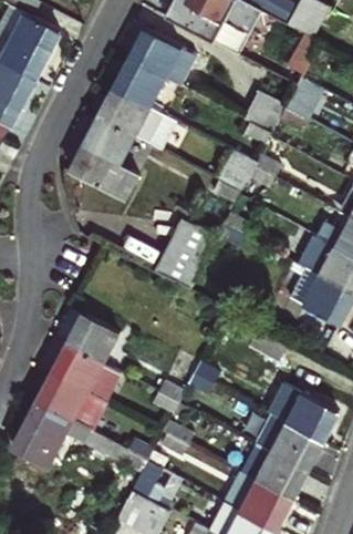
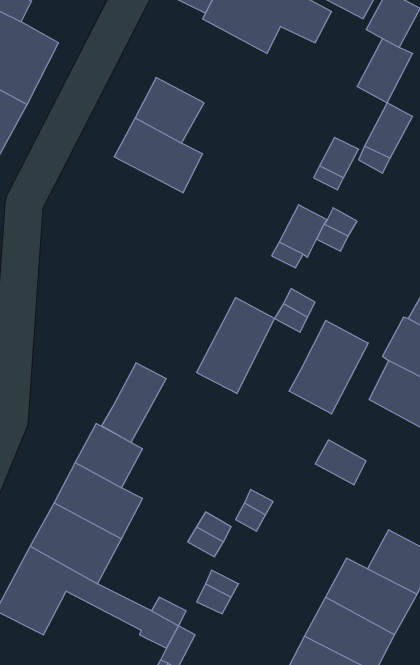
building: [131,31,196,86] -> none
building: [71,117,137,198] -> none
building: none -> [289,320,368,414]
building: none -> [102,363,166,443]

